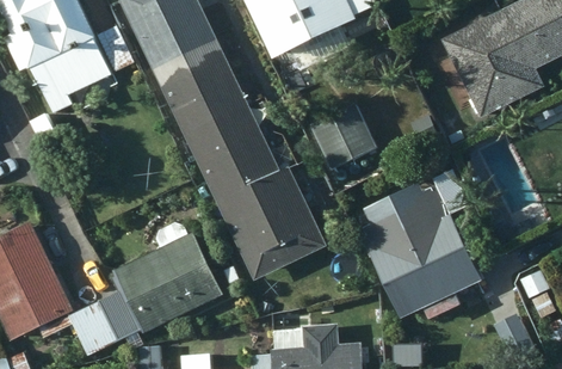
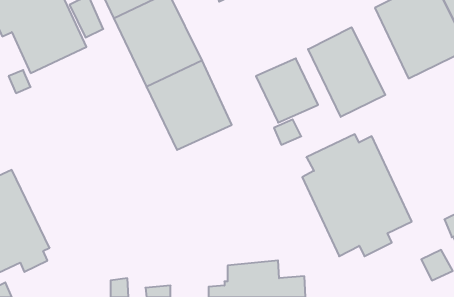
building: none -> [308,27,385,117]
building: [217,167,327,282] -> none
building: [68,223,223,356] -> none

